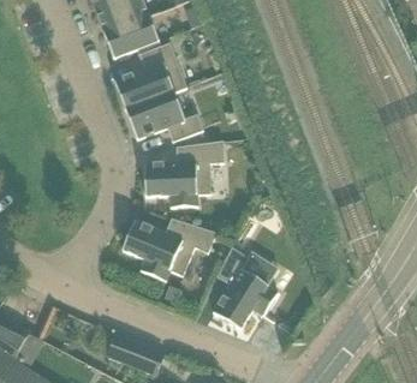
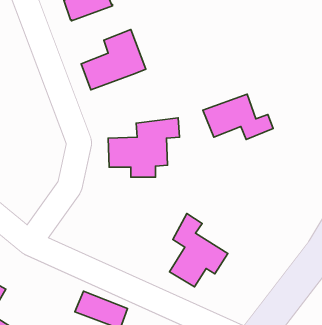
building: [103,14,159,56] -> none
building: [125,90,203,140] -> [203,94,273,139]
building: [123,216,216,280] -> none

